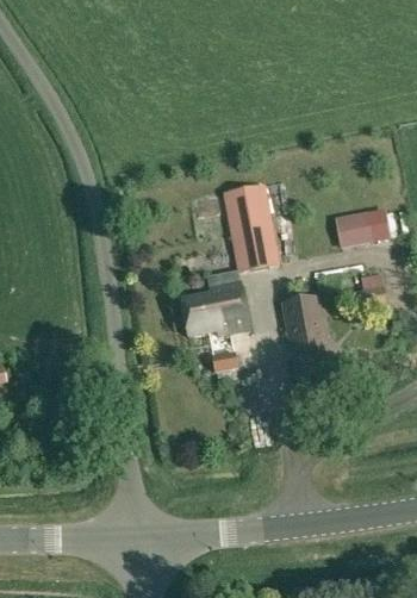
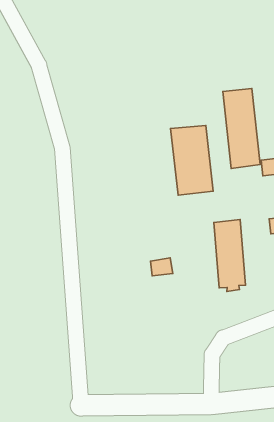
building: none -> [223,89,260,169]
building: [182,280,250,335] -> none

